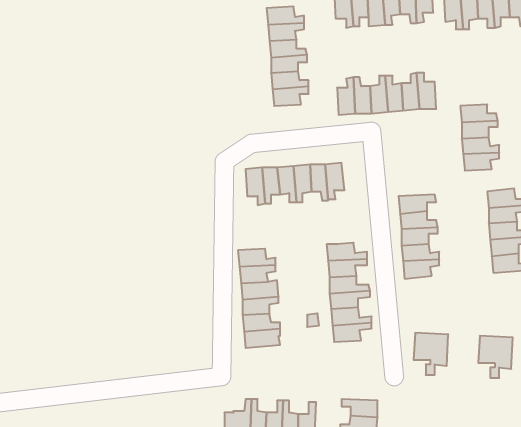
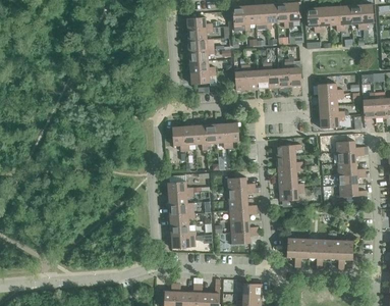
building: none -> [309,239,331,267]

